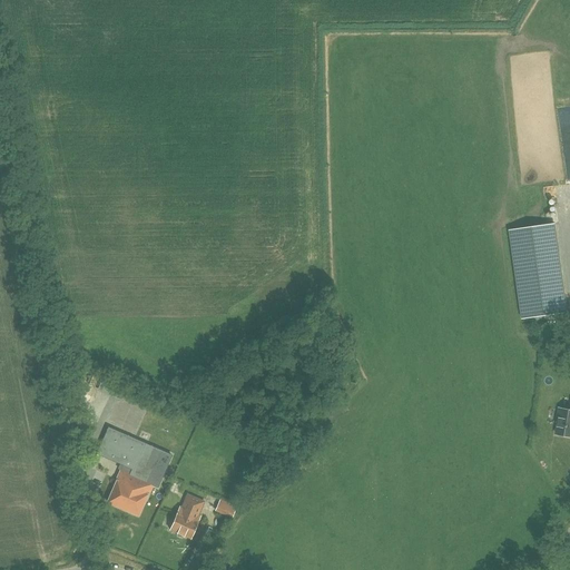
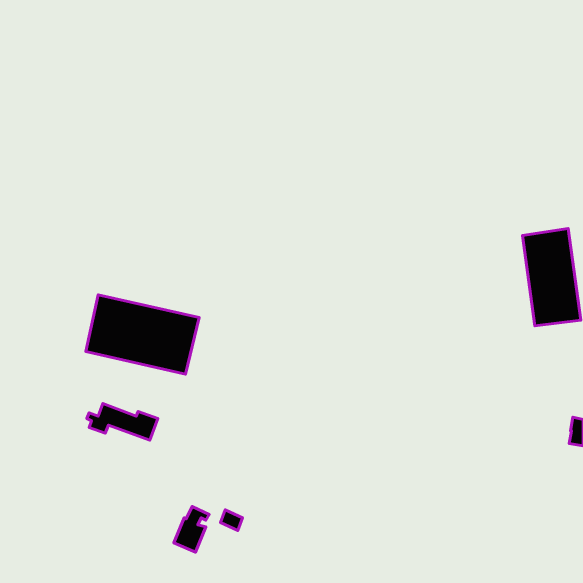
building: none -> [86,295,199,374]
building: [96,426,170,515] -> none

